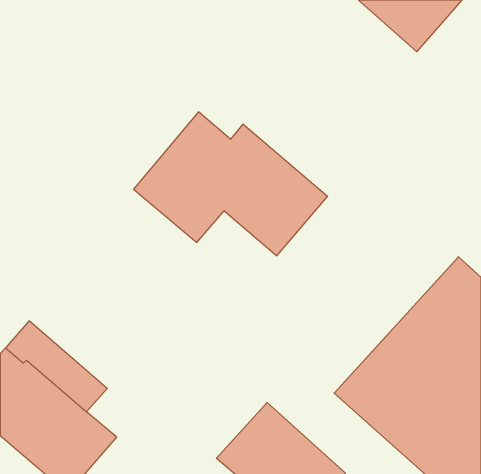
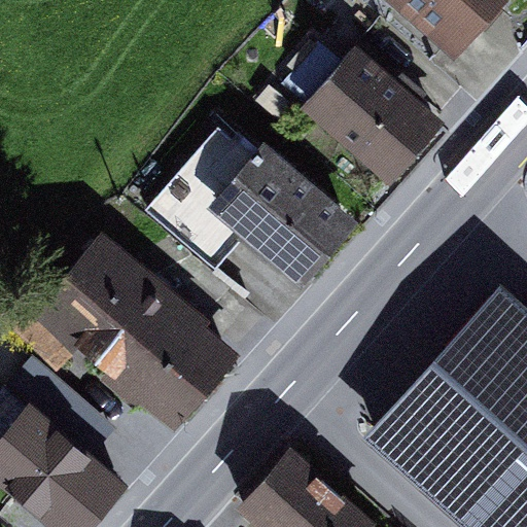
building: none -> [280,45,446,187]
building: none -> [5,226,239,427]

